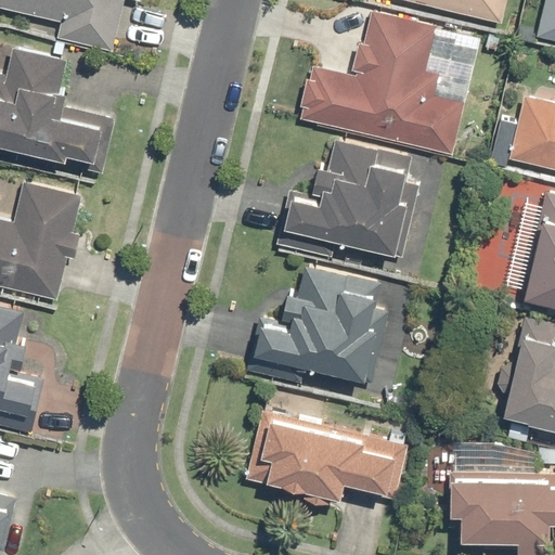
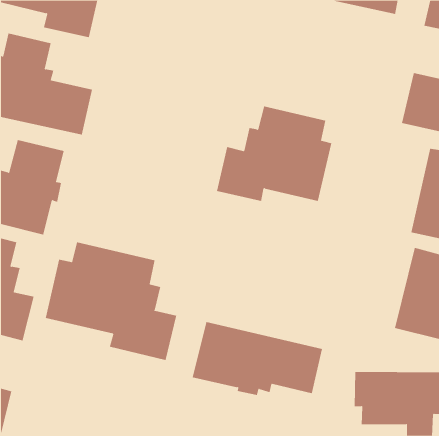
building: [298,11,480,156] -> none
building: [244,264,383,385] -> none
building: none -> [45,242,177,361]

